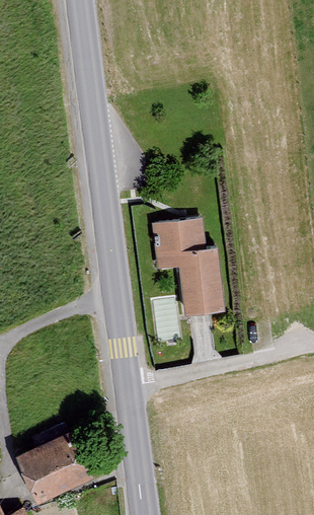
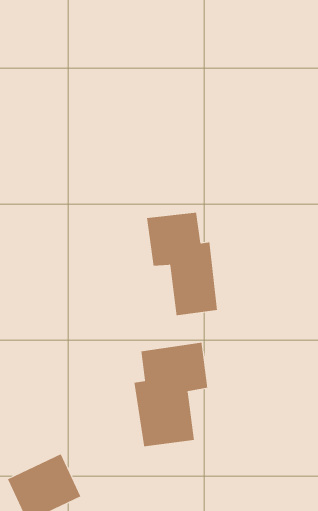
building: none -> [134,342,208,447]

